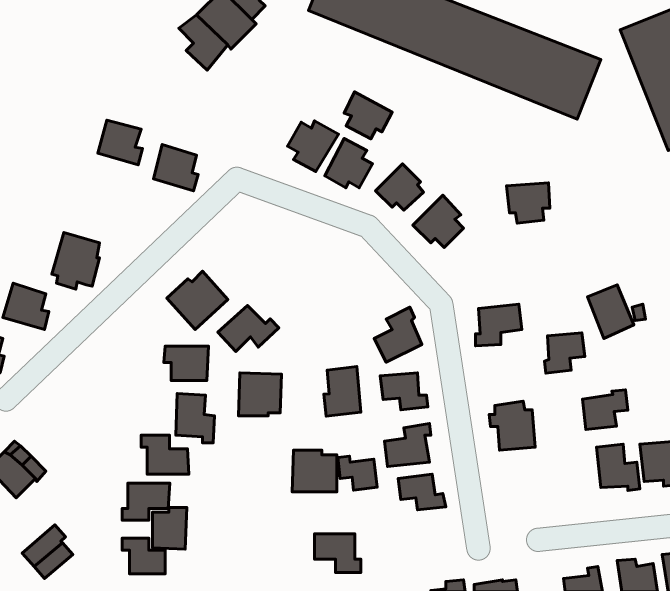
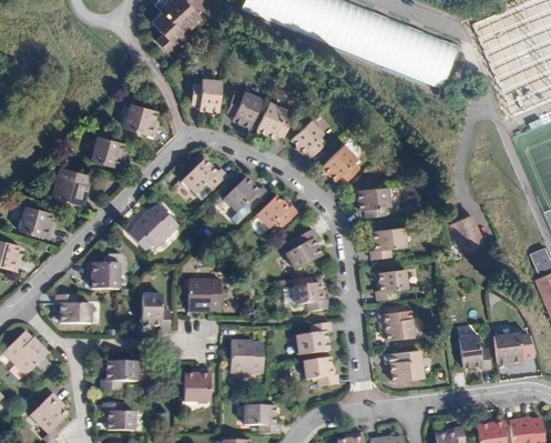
building: [344,92,392,139] -> none
building: none -> [195,82,226,114]
building: [98,120,143,165] -> [90,142,123,175]
building: [507,183,550,223] -> [356,188,388,218]
building: none -> [227,177,272,212]
building: none -> [261,195,302,225]
building: [218,305,279,352] -> [181,158,226,192]
building: [544,333,585,373] -> [373,269,402,299]
building: [164,346,208,380] -> [84,261,118,286]
building: [324,366,361,416] -> none
building: [582,390,628,430] -> none
building: [141,435,189,474] -> [54,294,90,323]
building: [338,456,377,490] -> none
building: none -> [380,349,418,377]
building: [152,508,187,549] -> [185,369,211,400]

